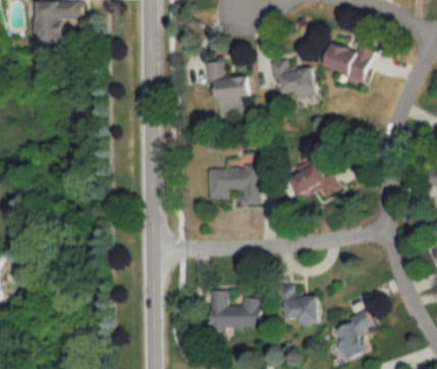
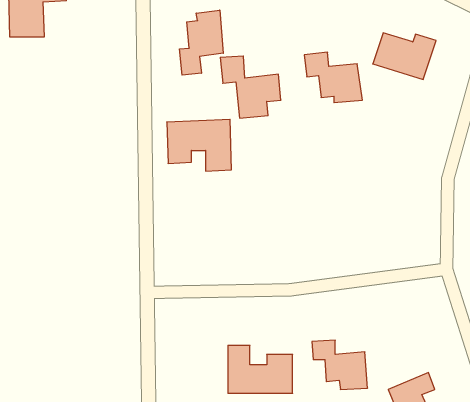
building: none -> [180,10,223,75]
building: [289,162,339,197] -> none
building: [208,165,259,205] -> [167,119,231,171]

